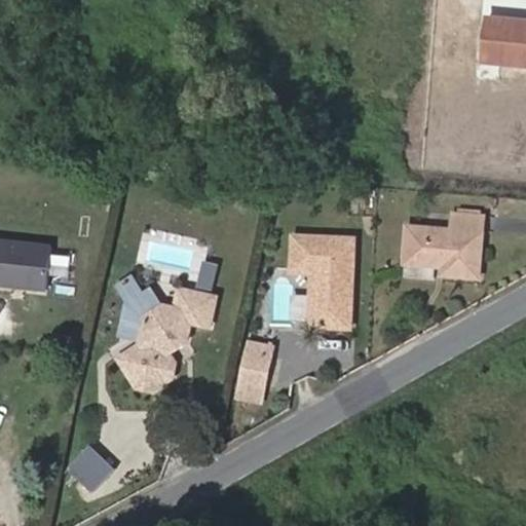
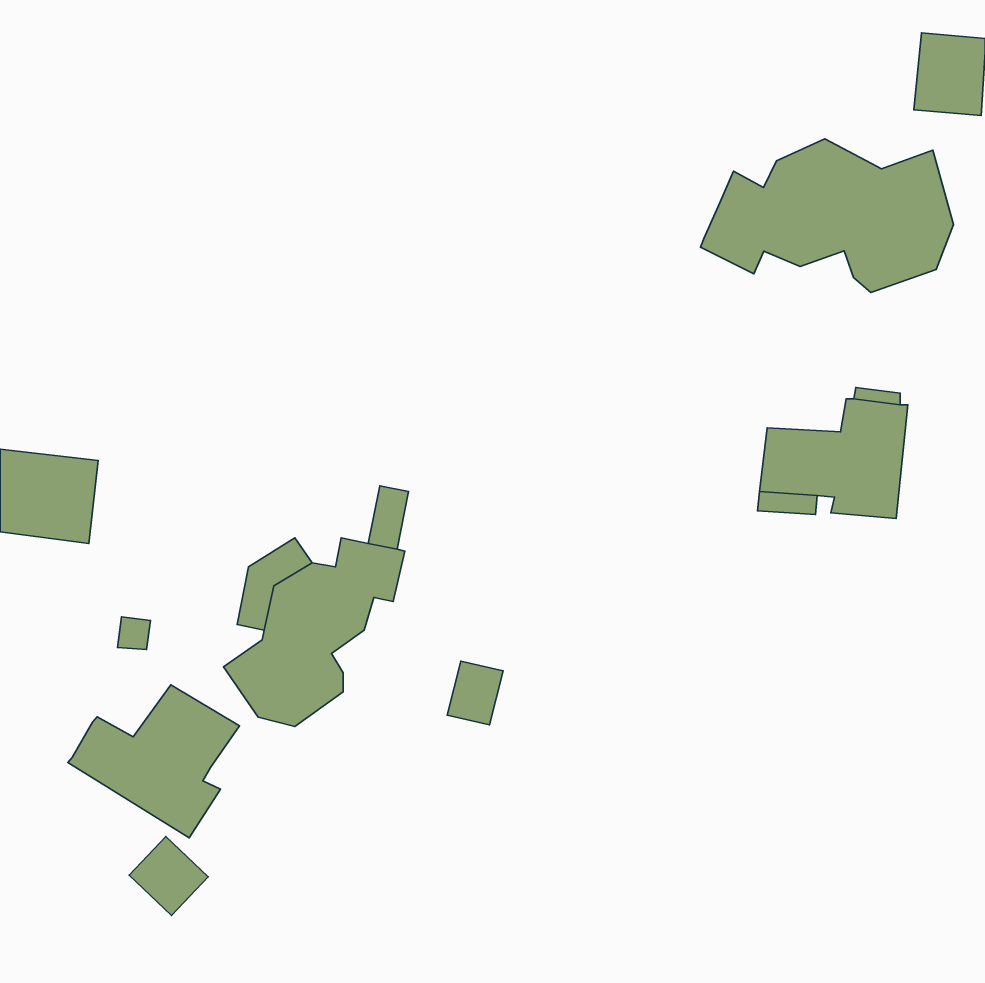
building: none -> [701,139,953,292]
building: [290,235,352,328] -> none
building: none -> [68,685,239,838]

